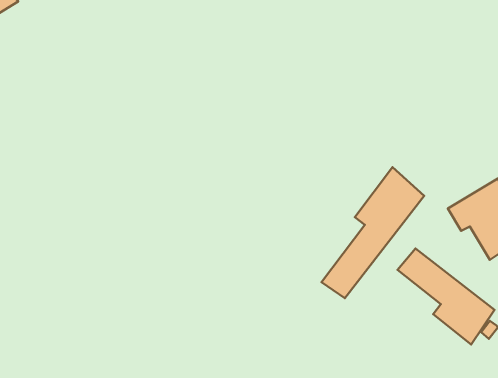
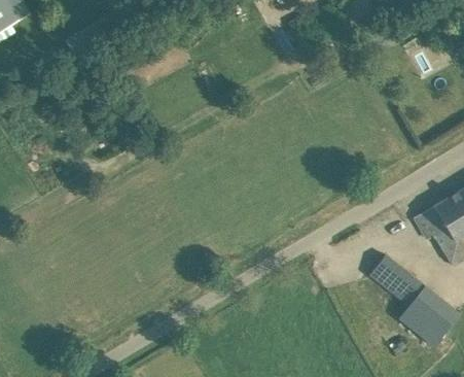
building: [322,167,424,298] -> none

